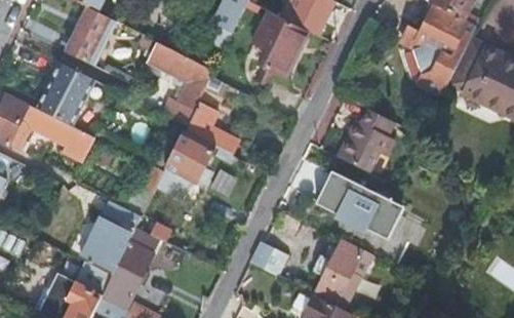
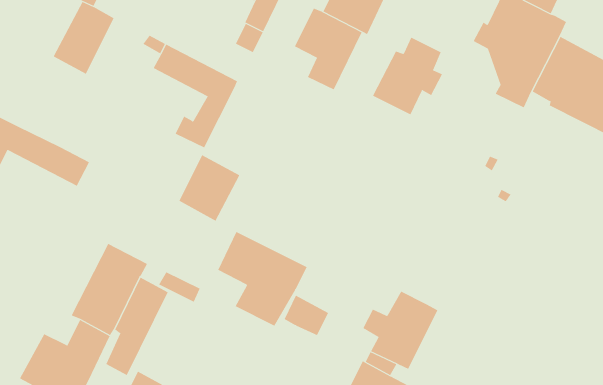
building: [37,62,94,124] -> none
building: [186,103,229,149] -> none
building: [338,109,394,171] -> [372,37,443,115]
building: [315,169,403,238] -> none
building: none -> [217,231,307,326]

